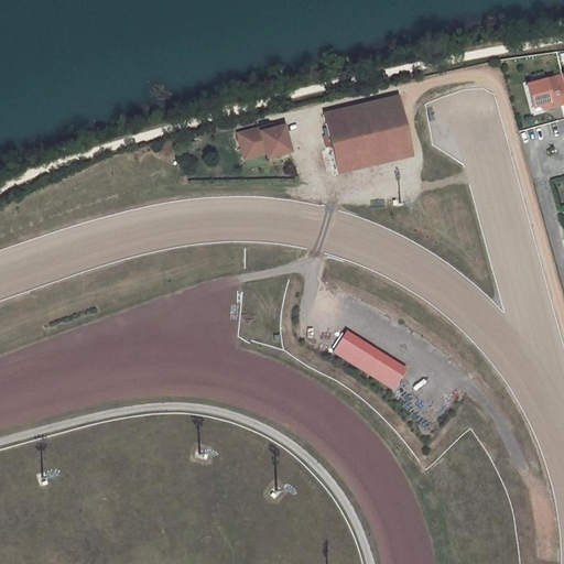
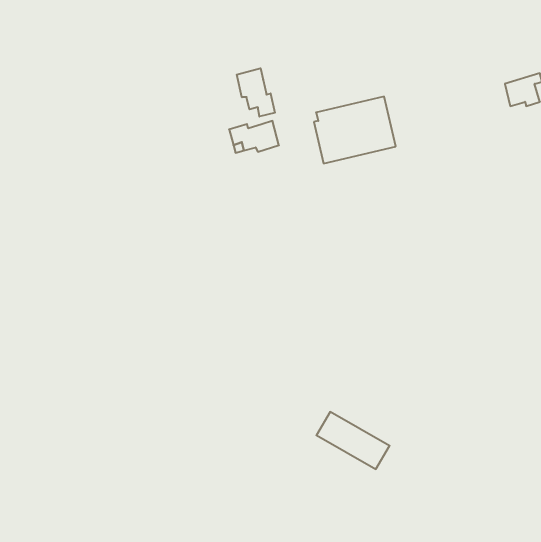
building: none -> [237,68,275,117]
building: [334,328,410,388] -> [316,412,390,469]

